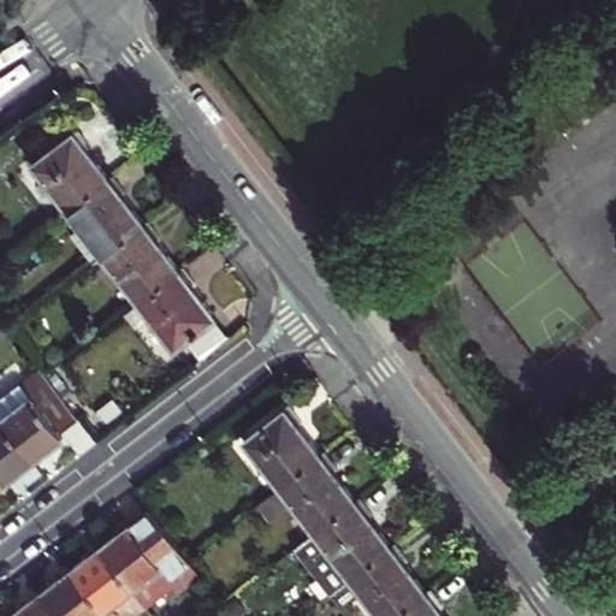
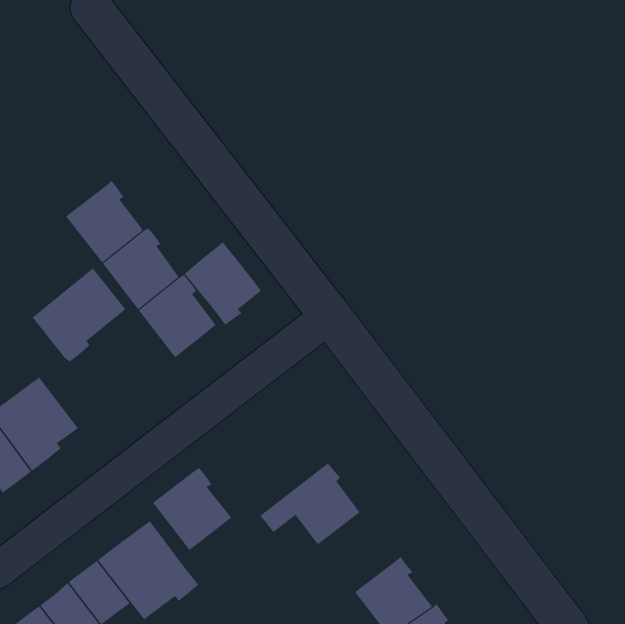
building: [28,135,106,217] -> none
building: none -> [184,241,262,326]
building: none -> [32,267,126,362]
building: [239,410,318,492] -> [152,467,232,551]
building: [291,503,387,598] -> none

